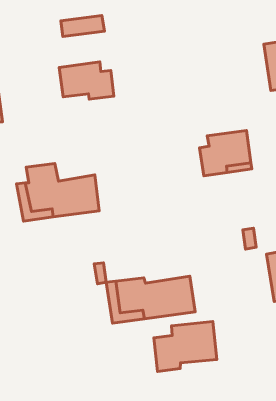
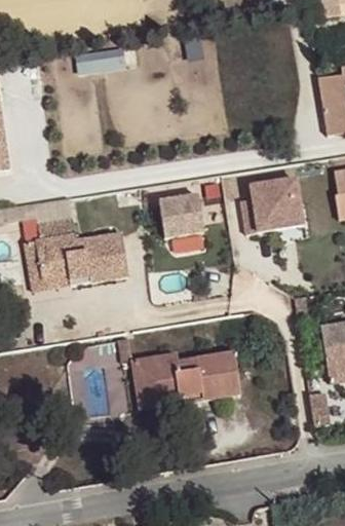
building: [59,62,114,99] -> none
building: none -> [159,195,204,238]
building: [154,322,217,371] -> none

